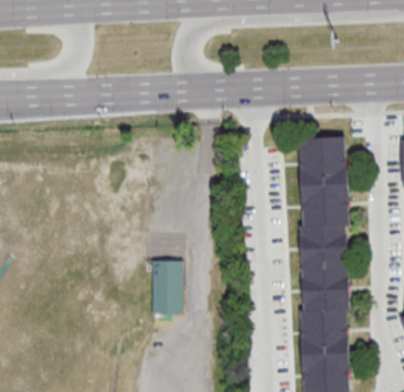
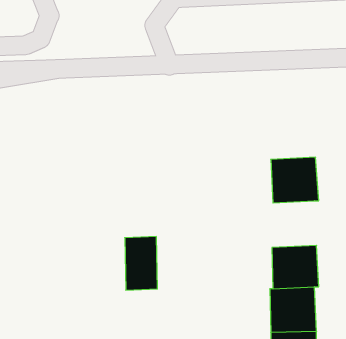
building: [298,134,345,181] -> none
building: [299,222,346,269] -> none

